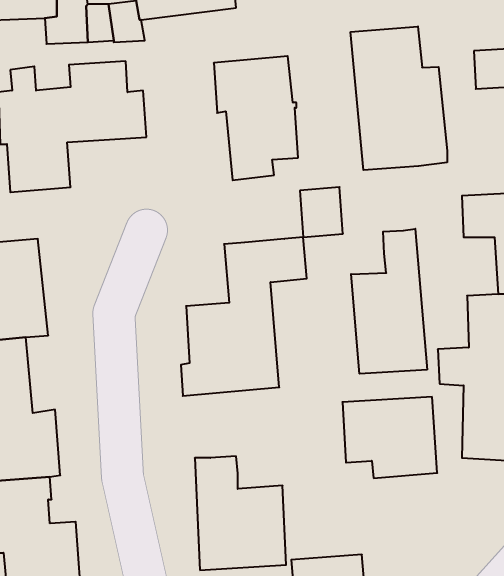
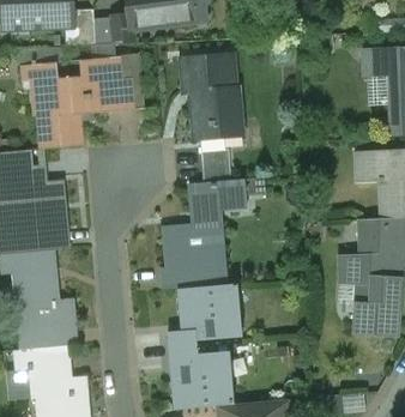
building: [351,26,447,170] -> none
building: [300,187,343,237] -> [201,147,231,182]
building: [351,229,427,374] -> none
building: [342,397,437,478] -> [177,286,243,343]

